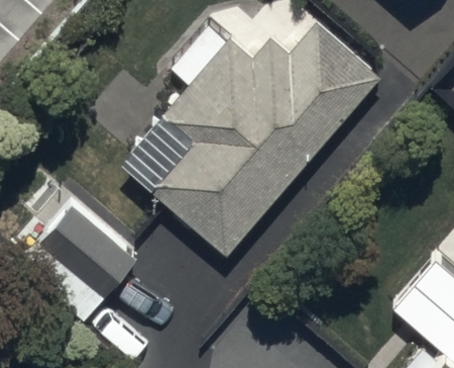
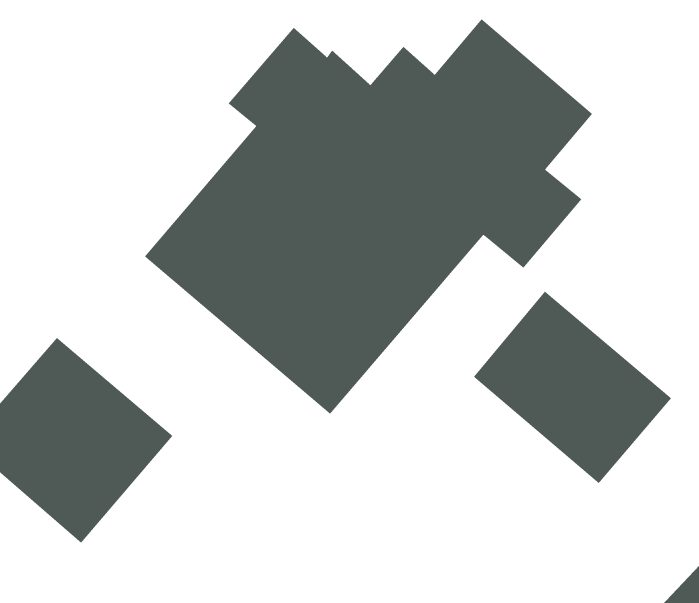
building: none -> [473,291,672,484]

